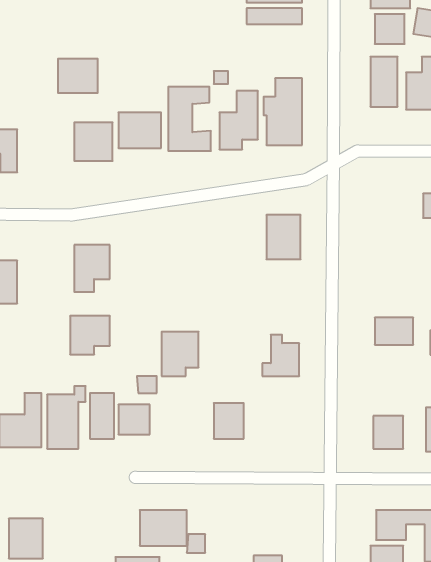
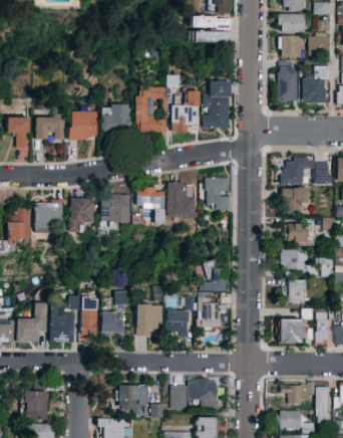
building: [58,59,98,93] -> [35,115,63,139]
building: none -> [281,158,312,183]
building: none -> [167,183,196,217]
building: none -> [136,187,163,223]
building: none -> [283,188,309,212]
building: none -> [100,195,130,221]
building: none -> [286,223,315,241]
building: [70,316,110,354] -> [35,201,63,228]
building: [162,332,199,376] -> [136,303,162,335]
building: none -> [283,279,307,301]
building: none -> [199,297,221,326]
building: none -> [170,378,217,409]

